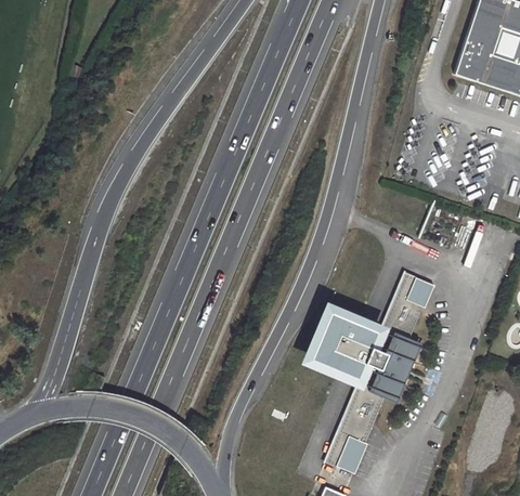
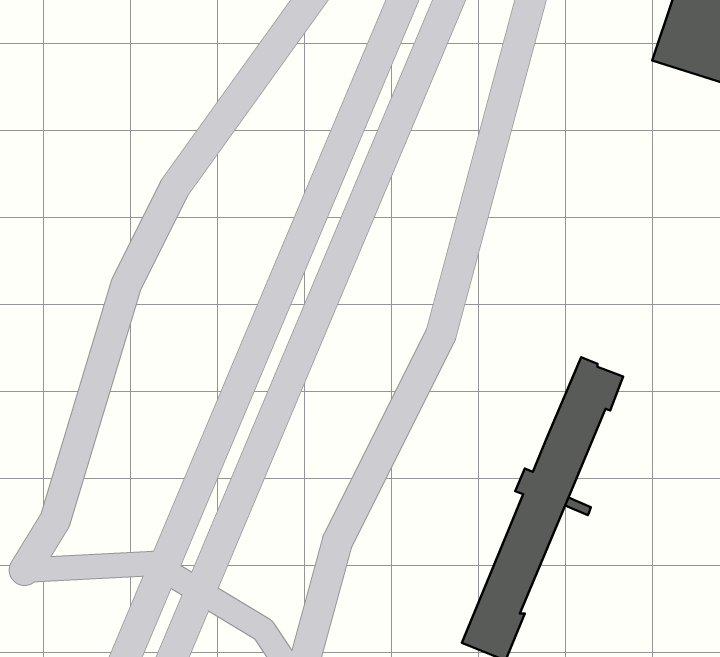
building: [299,301,385,389] -> none

